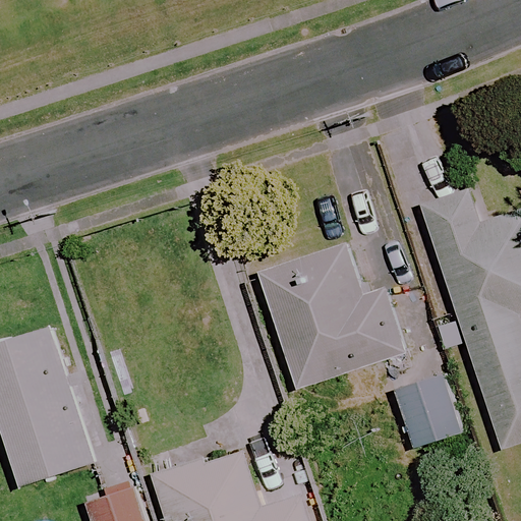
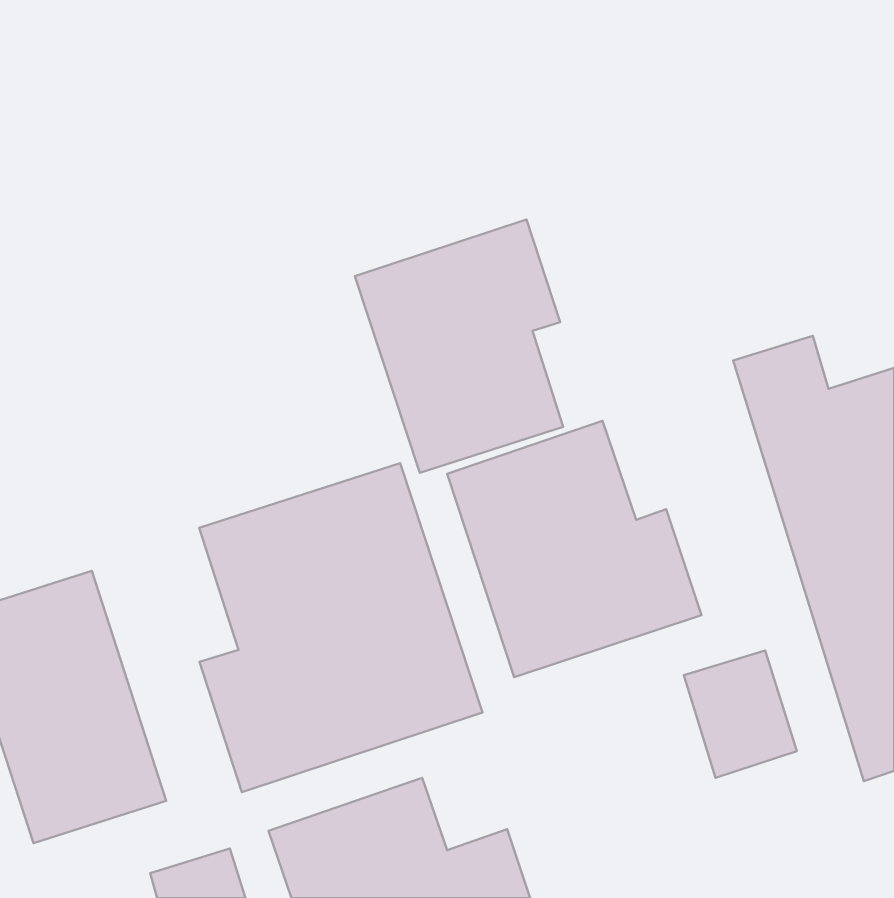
building: none -> [355,219,563,473]
building: none -> [199,463,483,792]

